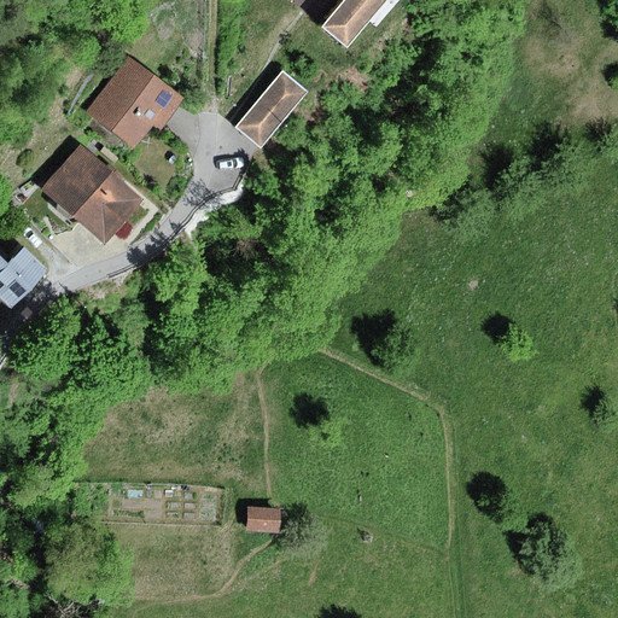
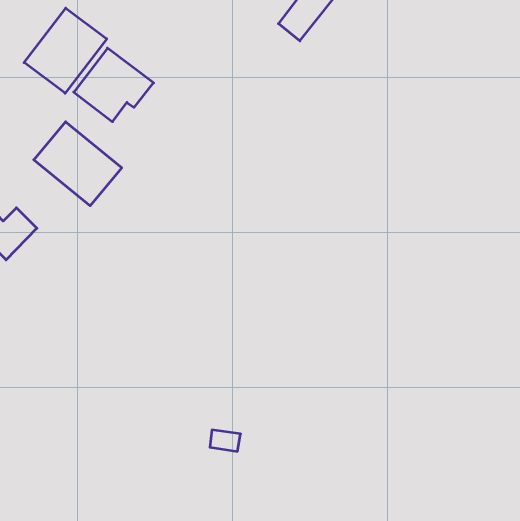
building: none -> [24,8,107,93]
building: [233,70,307,147] -> none

